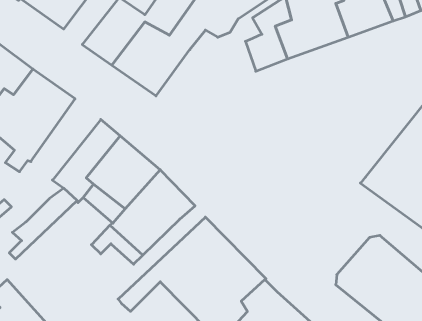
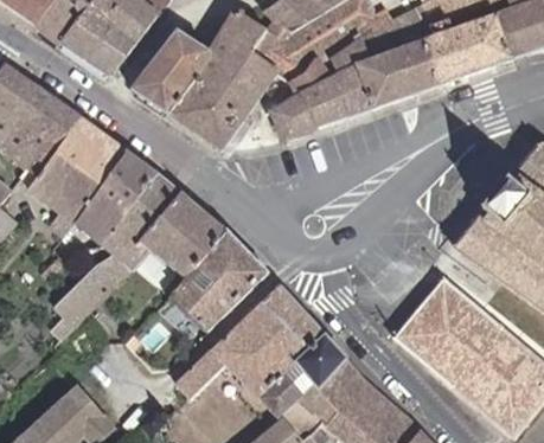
building: none -> [274,60,337,141]
building: none -> [77,153,158,246]
building: none -> [395,280,480,367]

